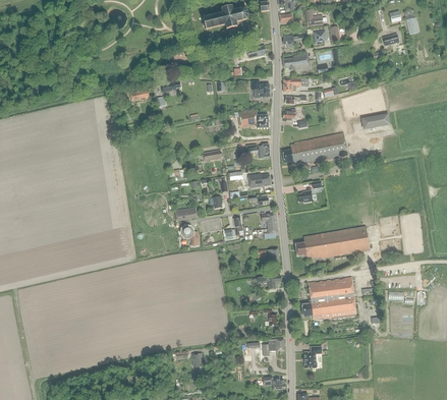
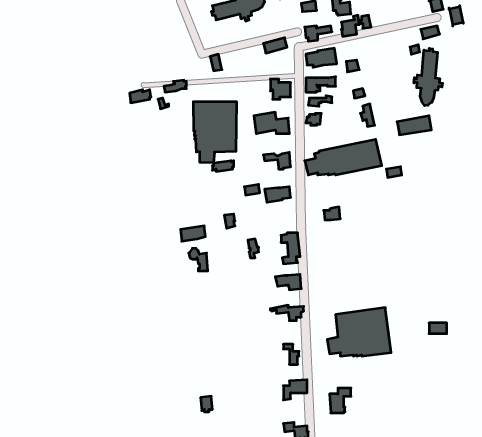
building: none -> [414,48,443,106]
building: none -> [193,102,236,163]
building: [295,226,370,259] -> none

